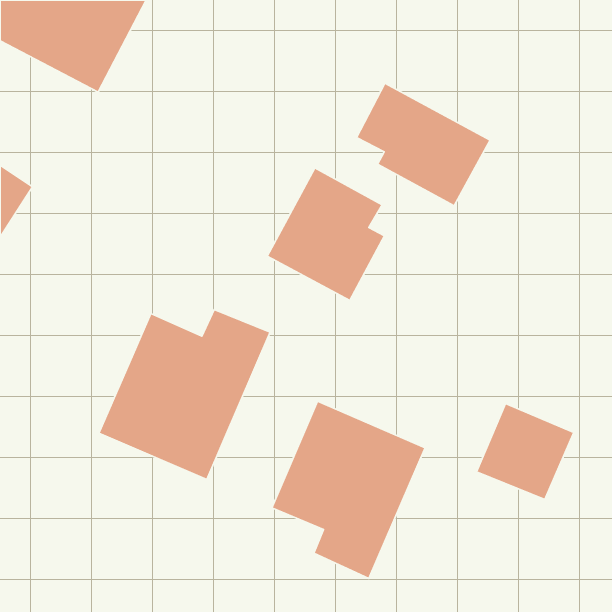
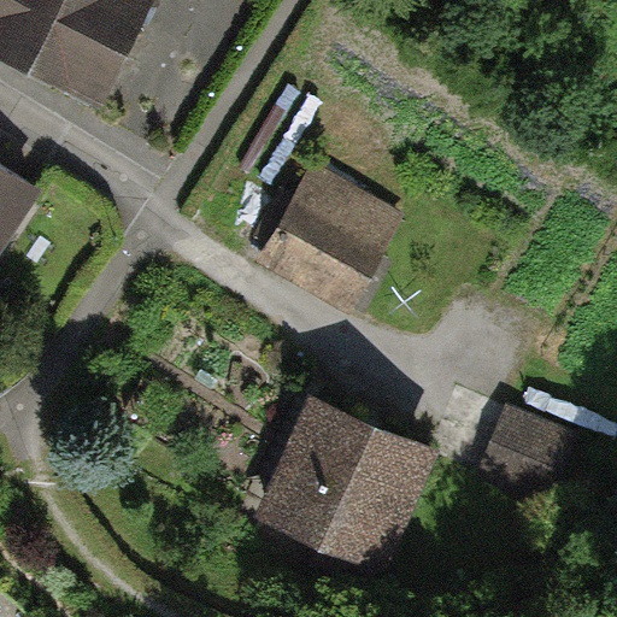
building: [356,83,490,206] -> none
building: [99,310,270,479] -> none

